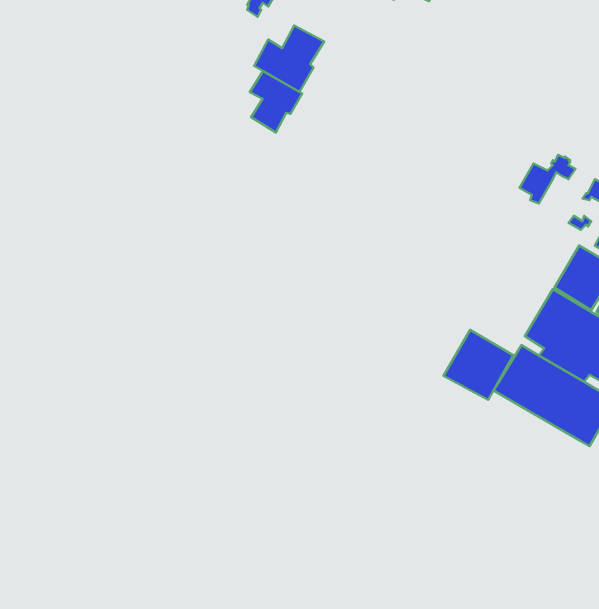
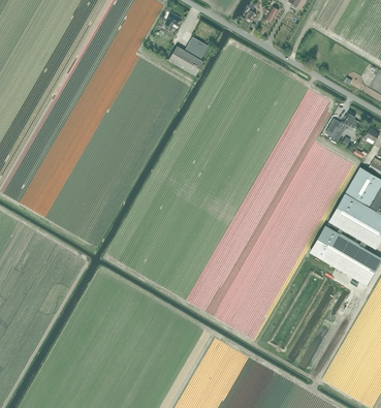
building: [250,71,302,132] -> none
building: [444,330,513,400] -> none

